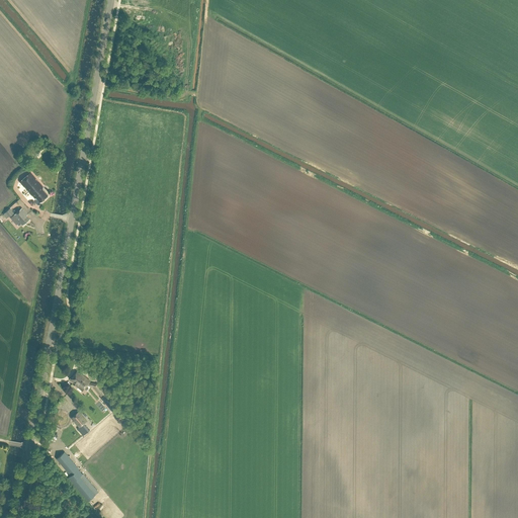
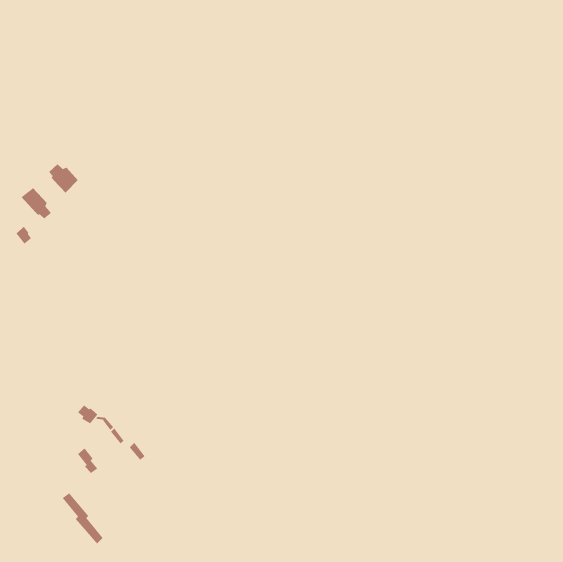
building: none -> [49,163,79,194]

